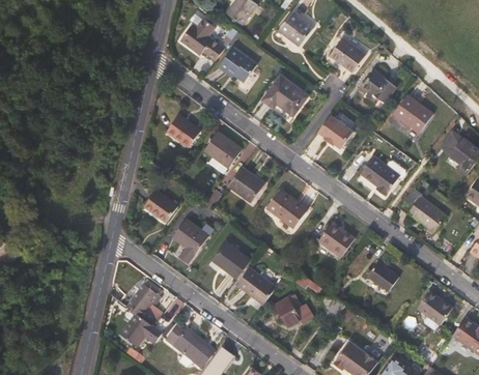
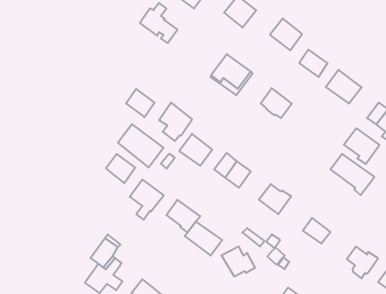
building: [218,47,256,82] -> none
building: [359,154,399,195] -> [344,128,379,164]
building: none -> [118,124,163,168]

